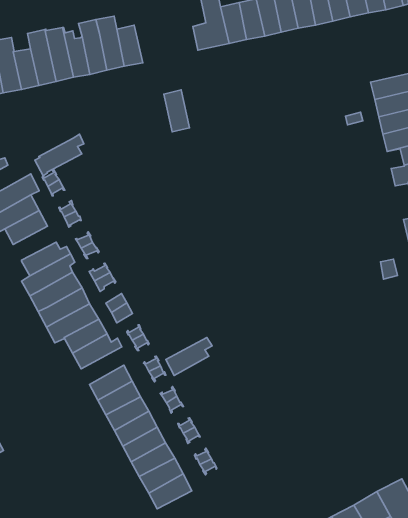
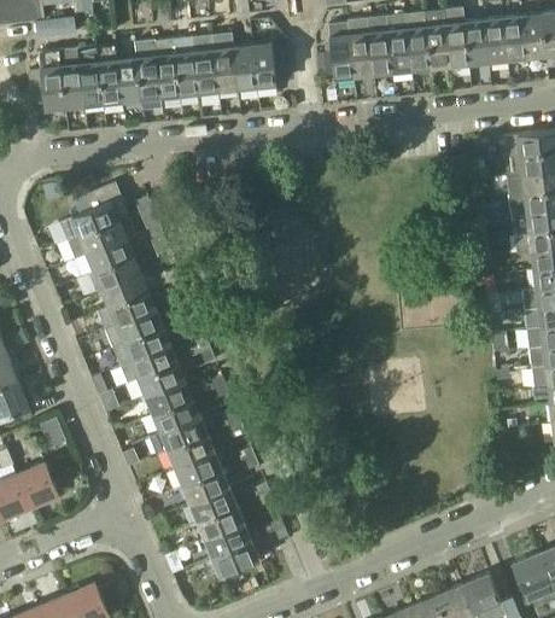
building: [164,90,190,132] -> [252,45,276,89]
building: [35,134,84,176] -> [89,252,145,293]
building: [166,337,212,375] -> [153,396,205,433]

